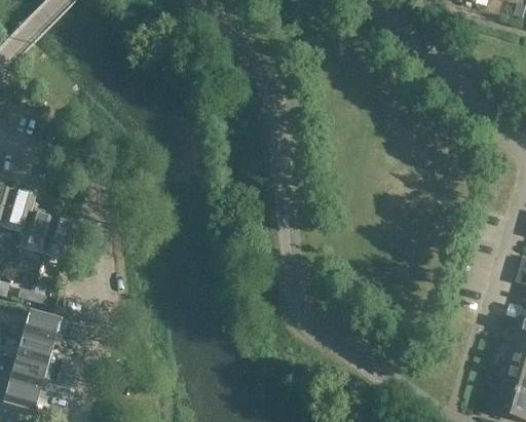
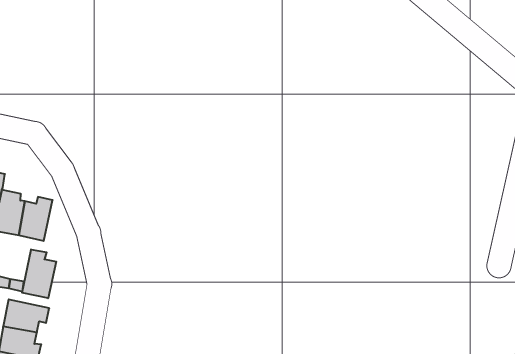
building: none -> [22,249,56,298]

